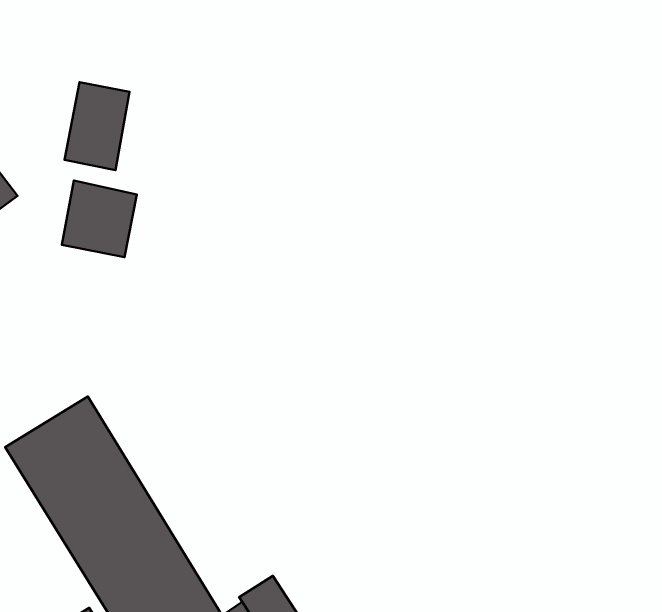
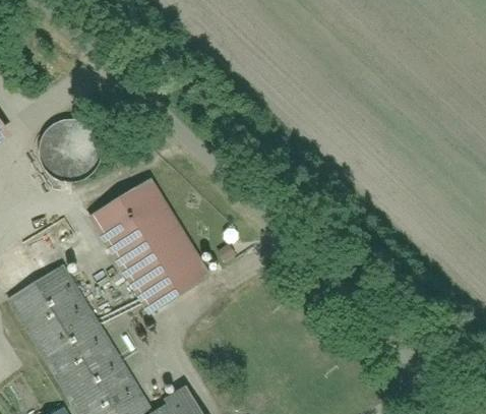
building: [64,82,129,170] -> none
building: none -> [93,179,210,313]

